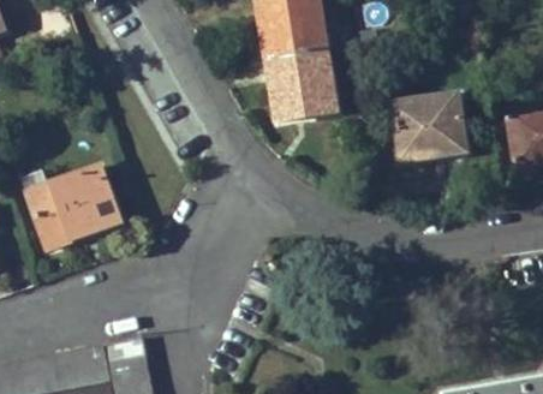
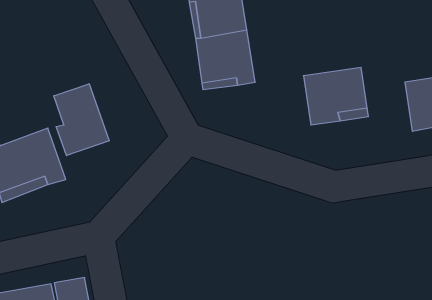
building: none -> [54,84,109,156]

